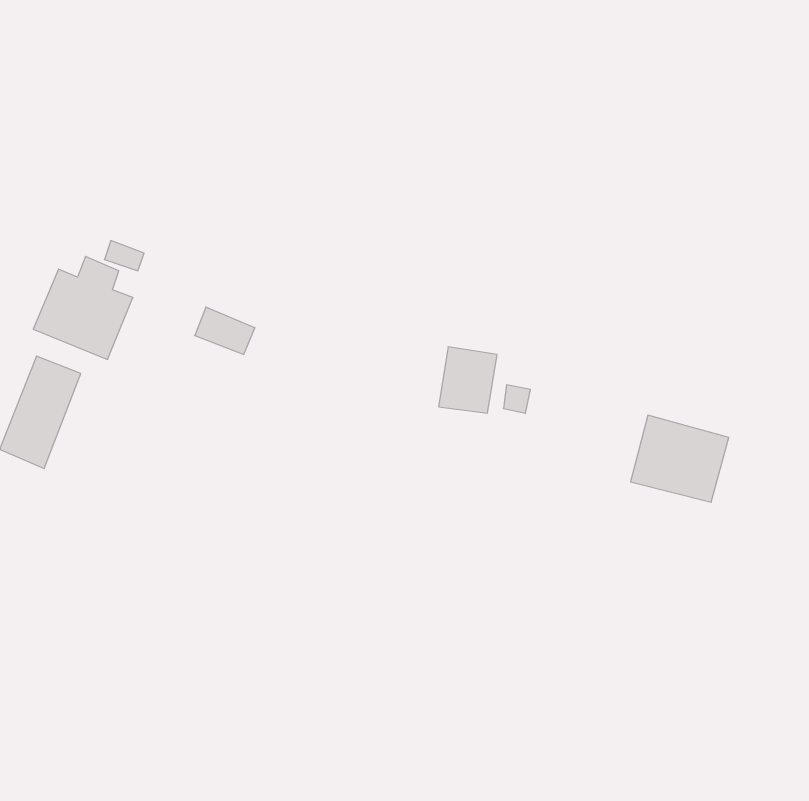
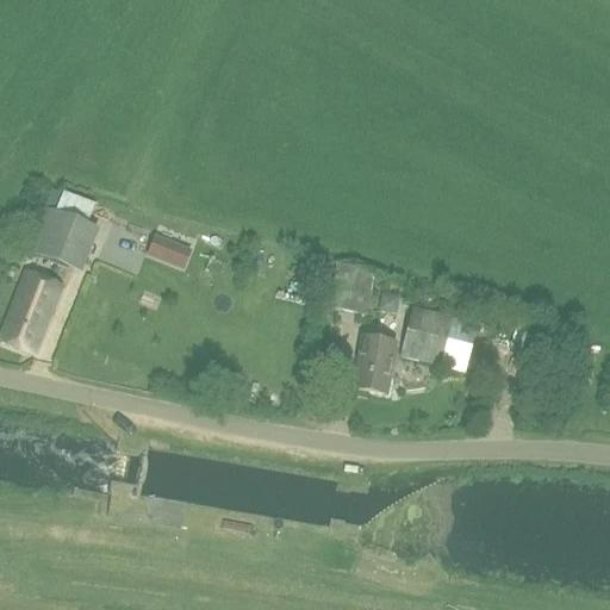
building: [631,415,729,502] -> [402,301,475,367]
building: none -> [354,334,396,392]

